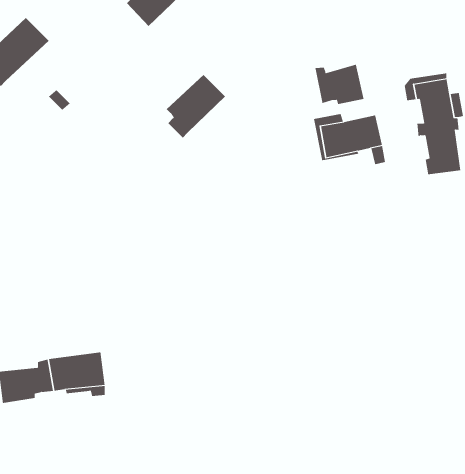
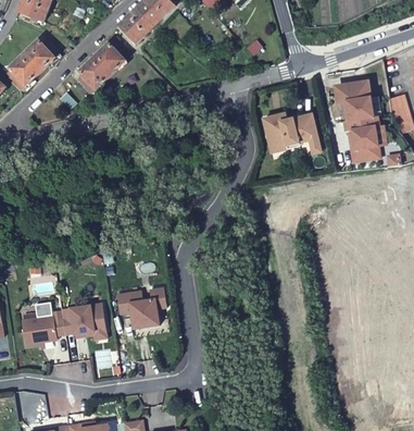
building: [315,64,364,105] -> none
building: [166,74,226,138] -> [78,46,125,96]
building: none -> [114,285,164,325]

